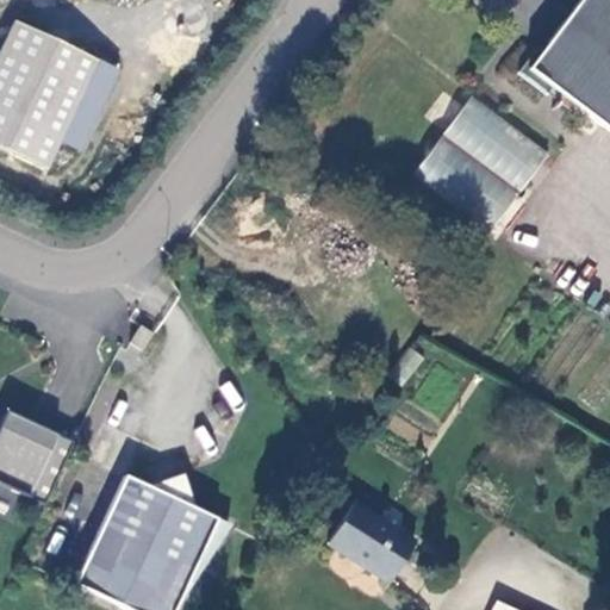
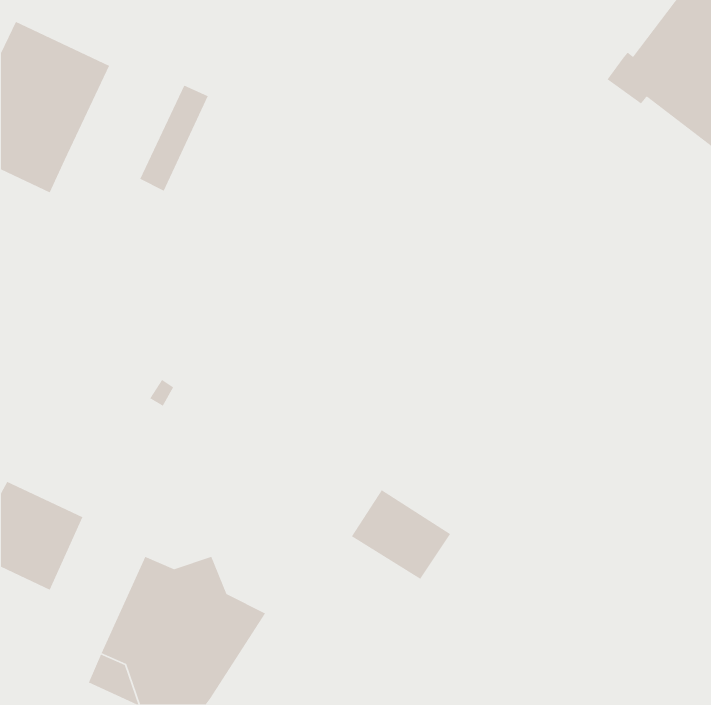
building: [57,56,117,148] -> [139,85,209,192]
building: [415,92,550,229] -> none
building: [332,504,418,581] -> [351,489,451,580]

